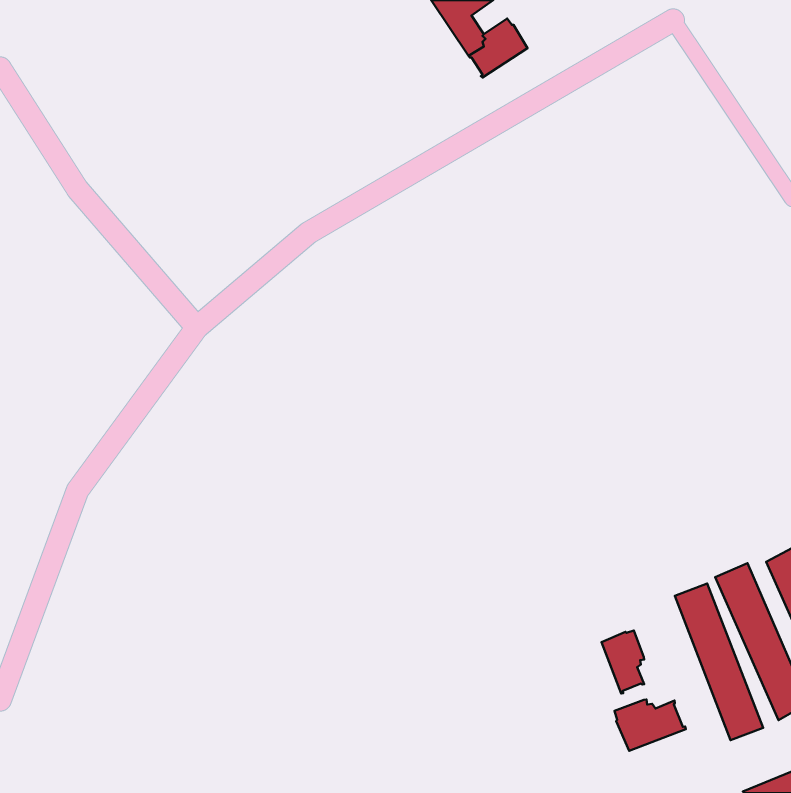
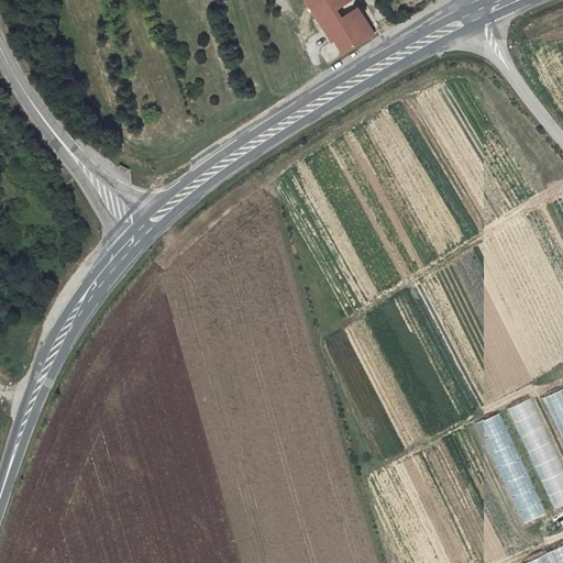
building: [601,631,644,693] -> none
building: [614,699,686,751] -> none

